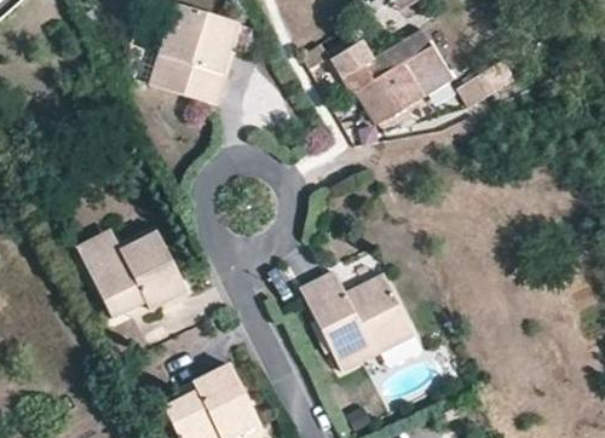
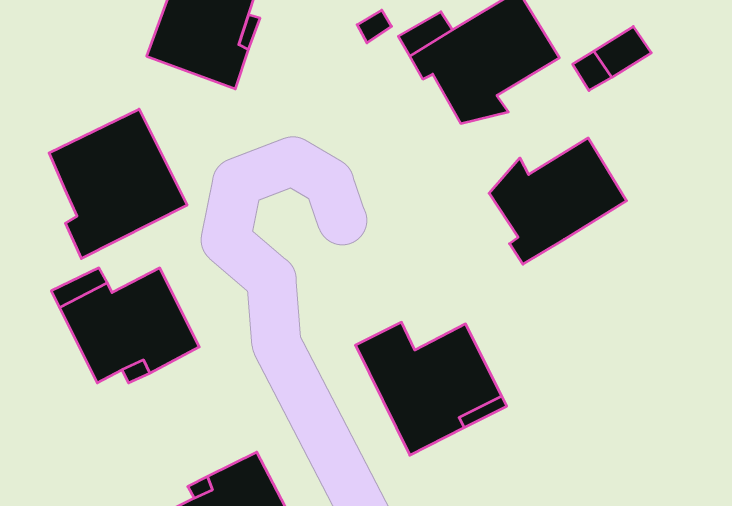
building: none -> [49,109,187,259]
building: none -> [489,138,627,264]

